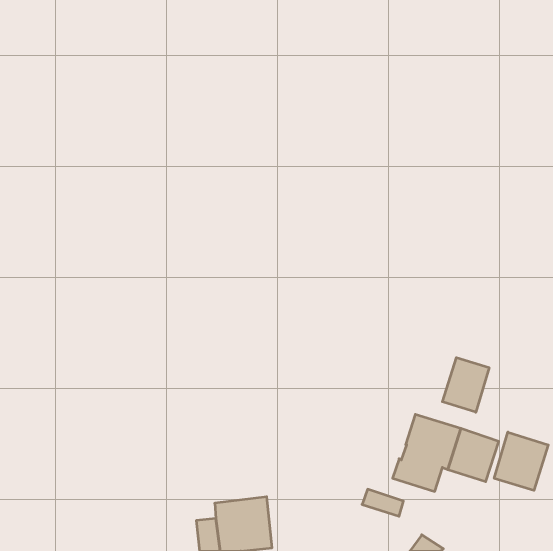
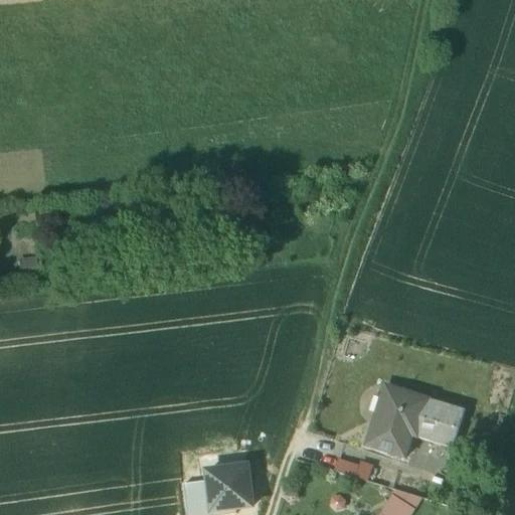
building: [442,358,489,412] -> none
building: [494,432,548,490] -> none

